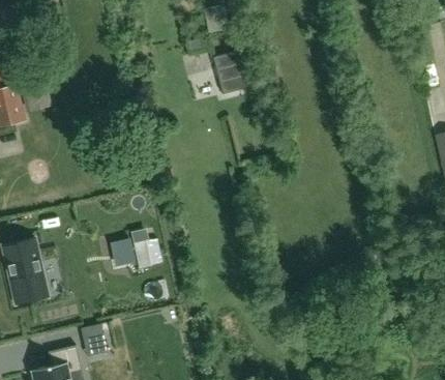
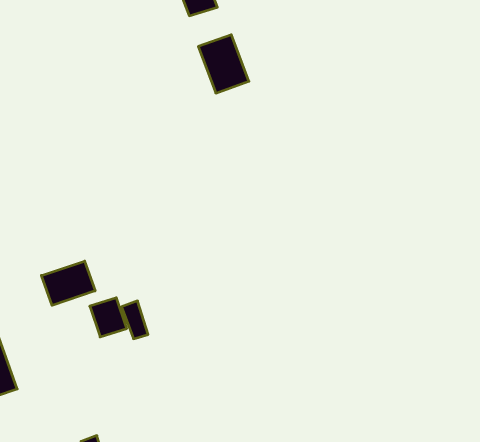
building: none -> [41,261,95,305]

